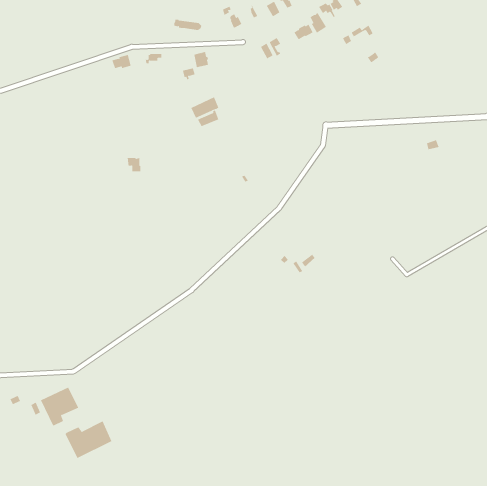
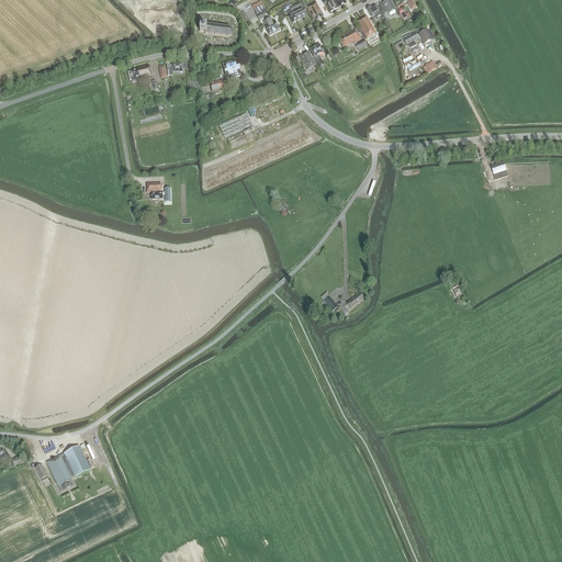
building: [65,421,112,459] -> none

